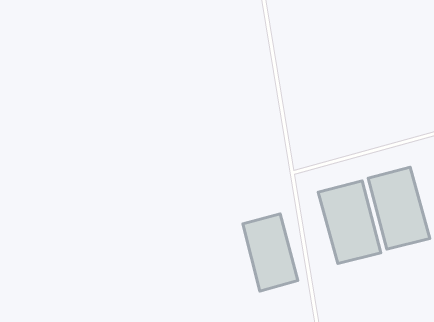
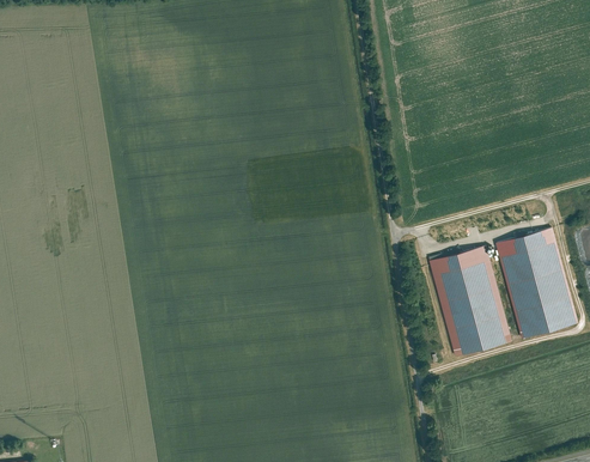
building: [243,214,298,291] -> none

